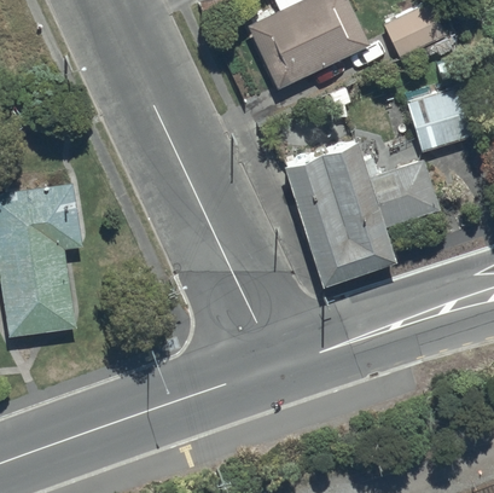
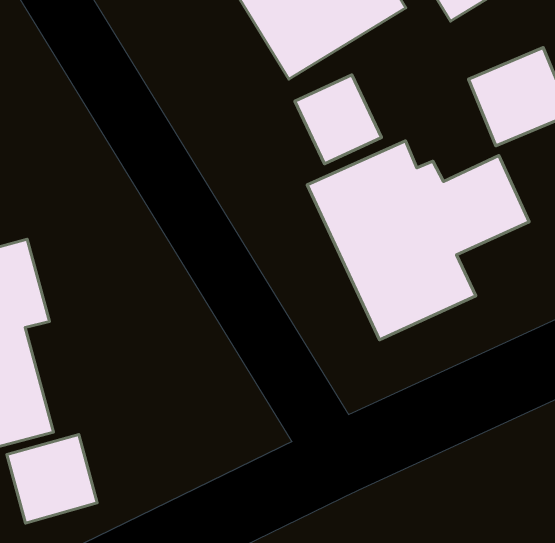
building: none -> [295,75,381,164]
building: none -> [7,434,97,523]

